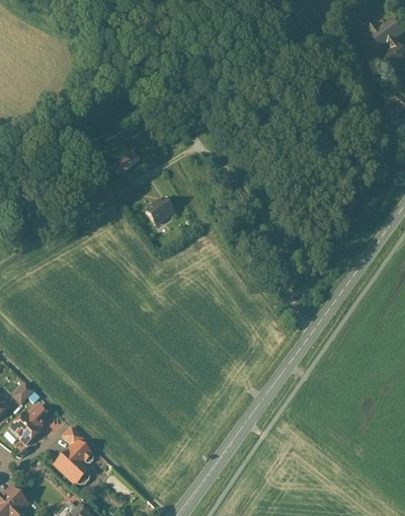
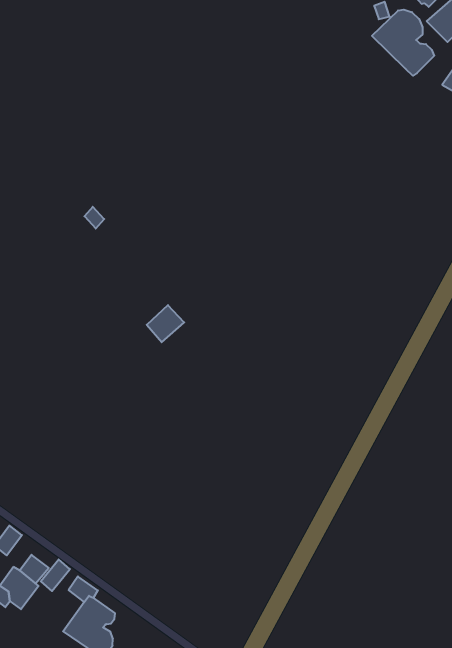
building: none -> [372,10,434,76]
building: [145,198,172,224] -> [147,305,184,342]

